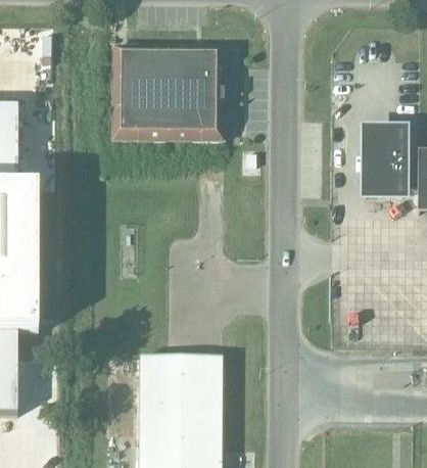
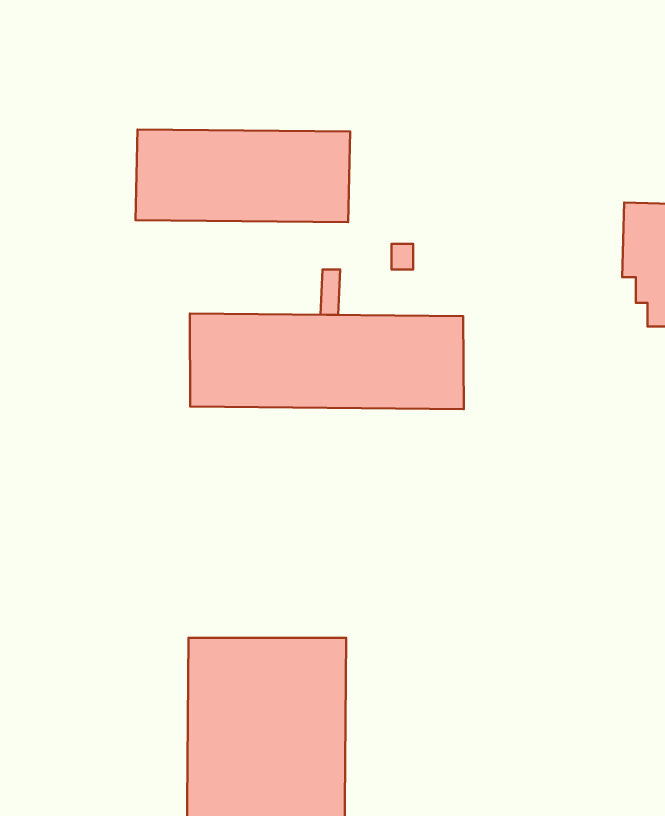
building: [112,45,223,93] -> none
building: none -> [190,314,464,409]

